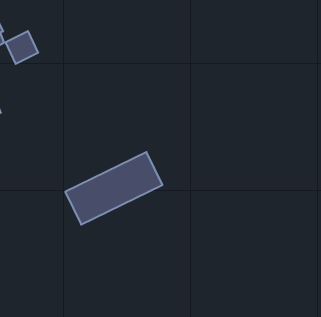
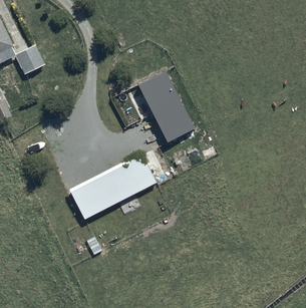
building: none -> [138,70,194,141]

